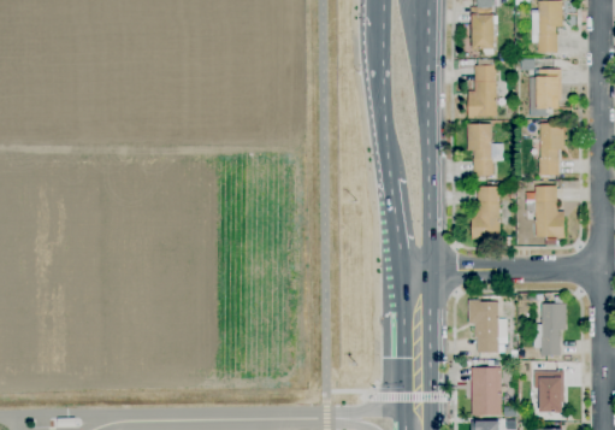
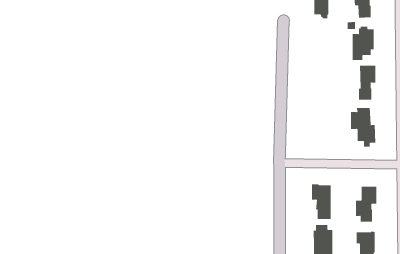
building: [468,59,496,119] -> none
building: [467,124,503,176] -> none
building: [472,187,501,240] -> none

